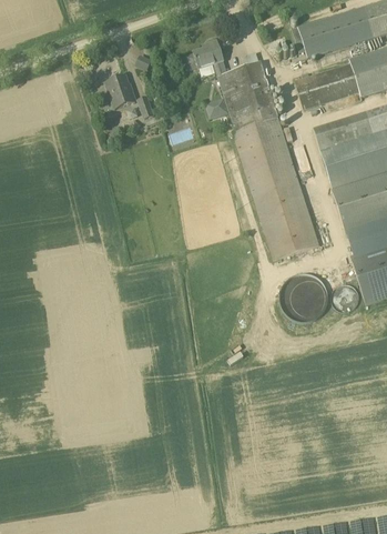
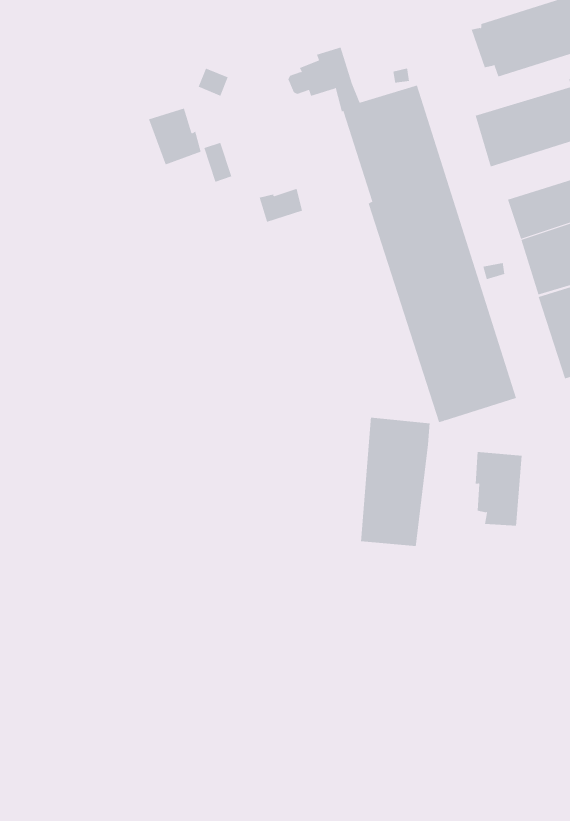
building: none -> [360,417,430,547]

